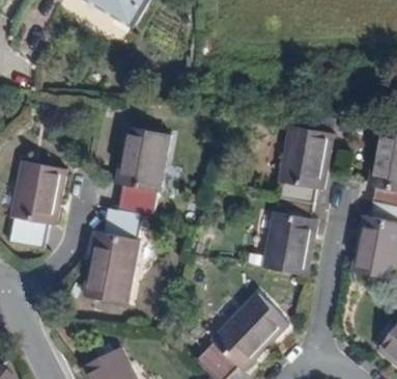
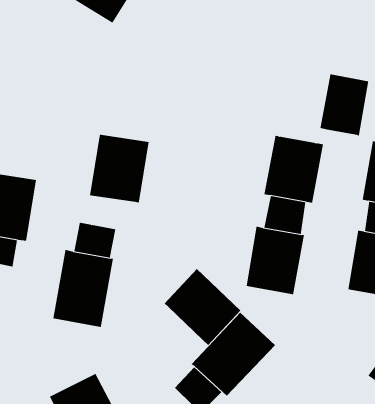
building: none -> [320,73,369,136]
building: [116,184,157,216] -> none
building: none -> [164,268,241,346]

